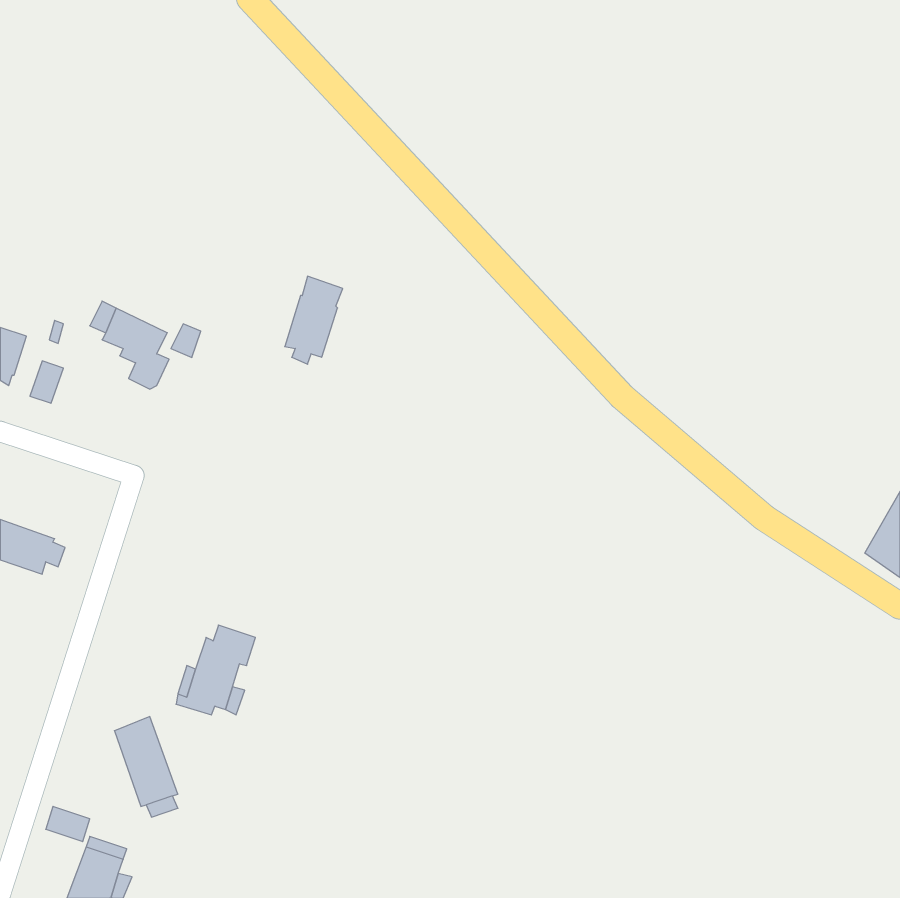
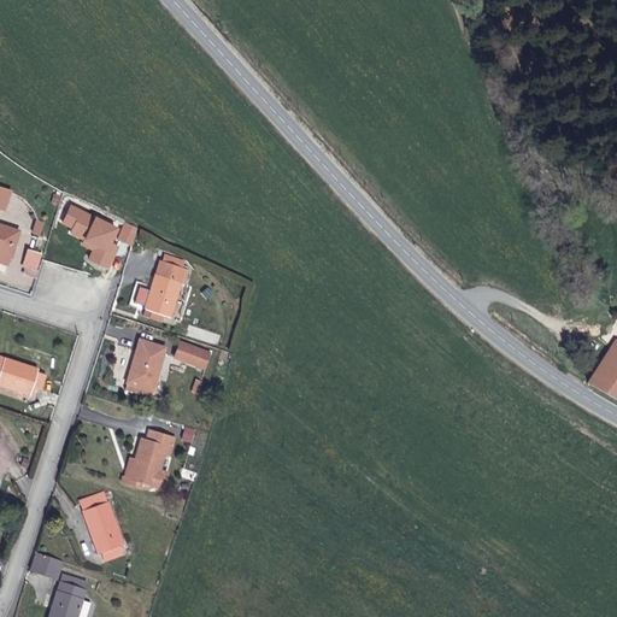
building: [285,276,343,364] -> [143,260,183,321]
building: none -> [125,339,164,394]
building: none -> [174,341,208,368]

